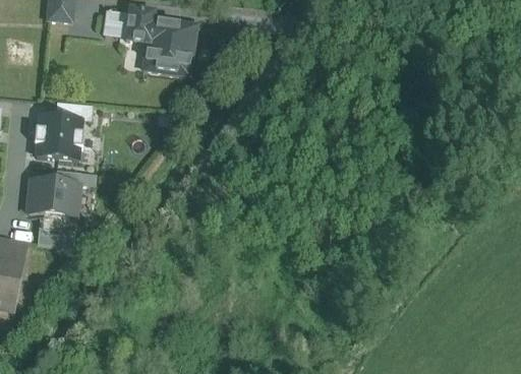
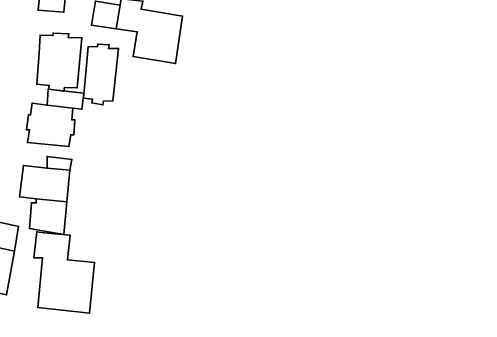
building: none -> [37,33,82,91]
building: none -> [83,44,119,105]
building: none -> [34,232,94,313]

